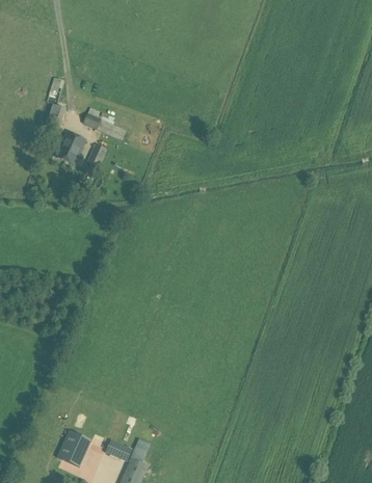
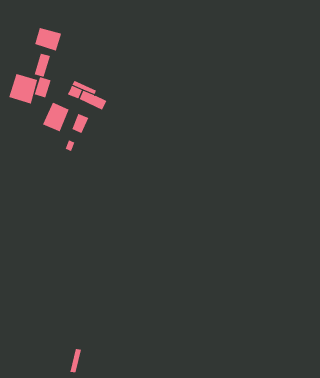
building: none -> [34,27,62,51]
building: none -> [8,73,38,104]

